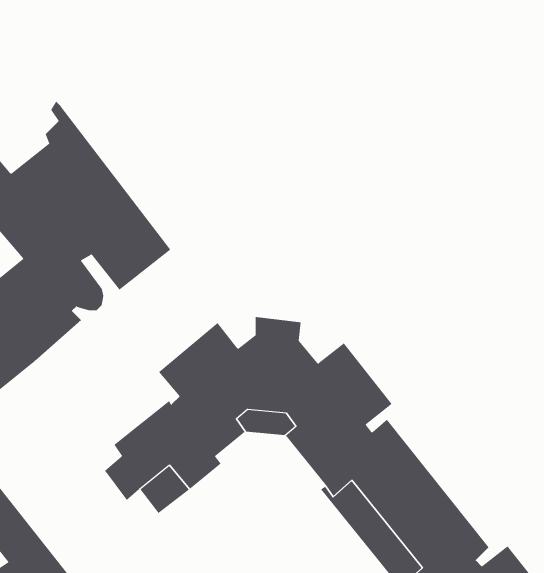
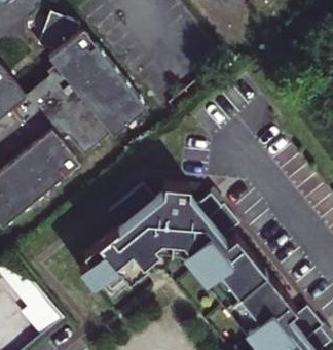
building: none -> [34,16,146,140]

